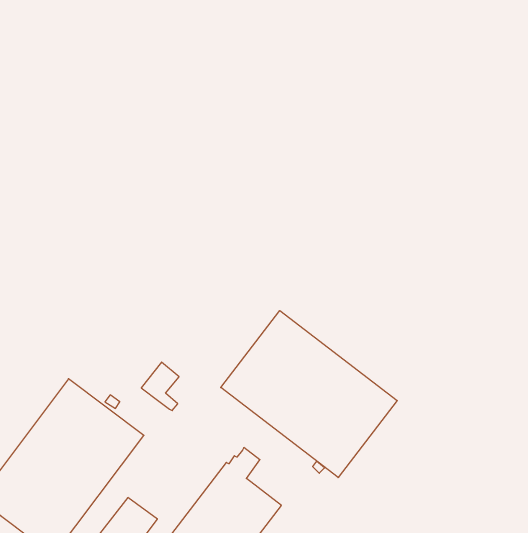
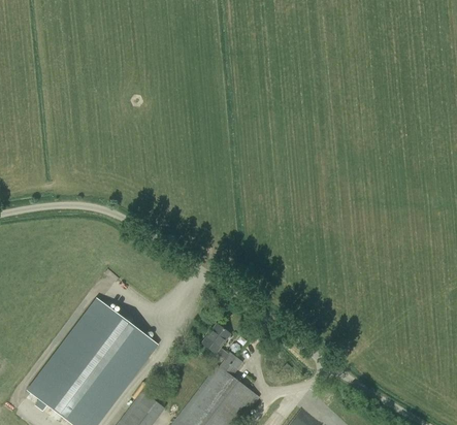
building: [221,311,397,478] -> none
building: [141,362,179,411] -> [202,323,231,360]

